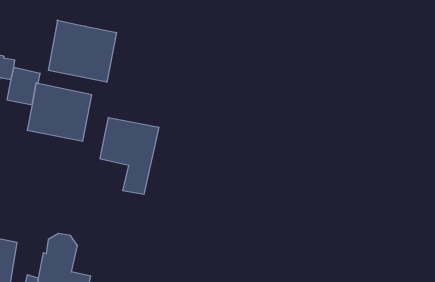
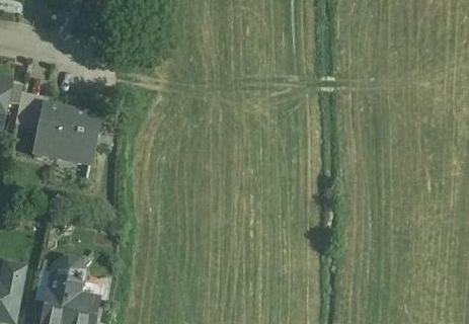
building: [48,20,117,82] -> none
building: [100,117,159,194] -> none

